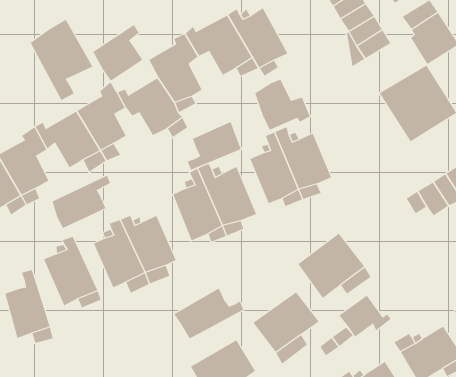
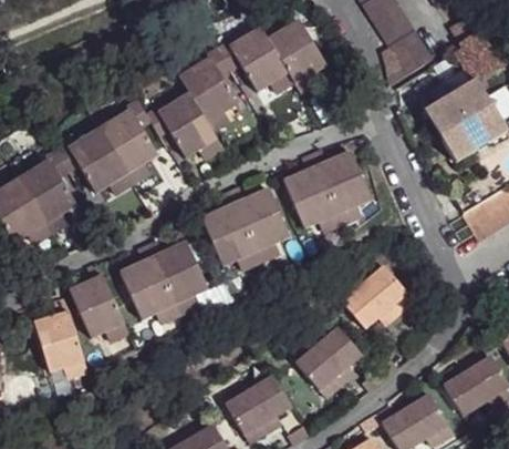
building: [30,19,93,101] -> none
building: [93,24,143,82] -> none
building: [255,79,310,130] -> none
building: [187,121,241,170] -> none
building: [52,175,111,229] -> none
building: [173,287,244,339] -> none
building: [338,295,392,337] -> none

